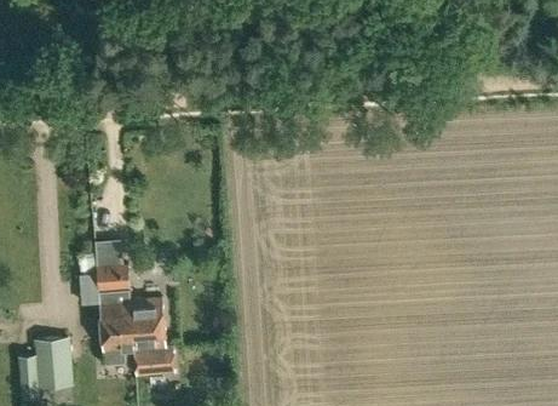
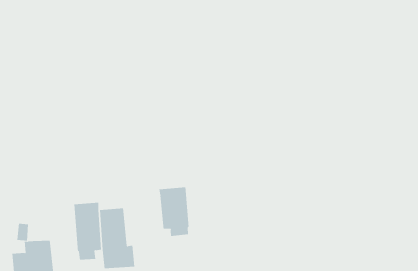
building: [94,241,130,290] -> none
building: none -> [159,186,189,237]

